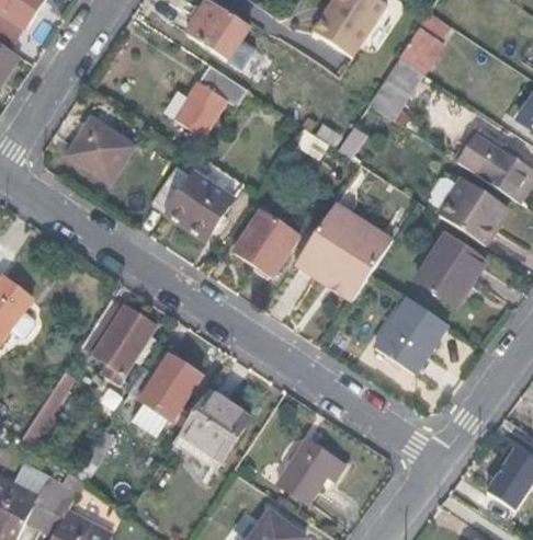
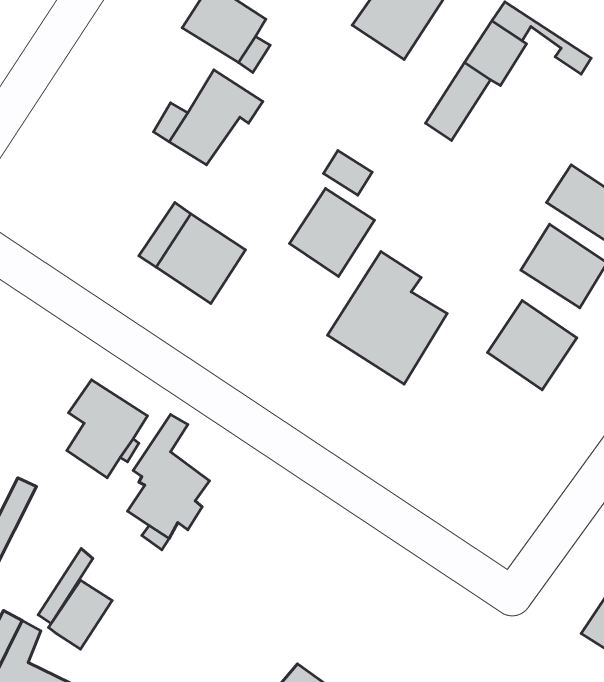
building: [65,116,134,183] -> none
building: [233,209,297,276] -> [290,189,375,277]
building: [375,297,449,375] -> none
building: [181,391,249,459] -> none
building: [277,439,348,502] -> none
building: none -> [48,580,112,649]

